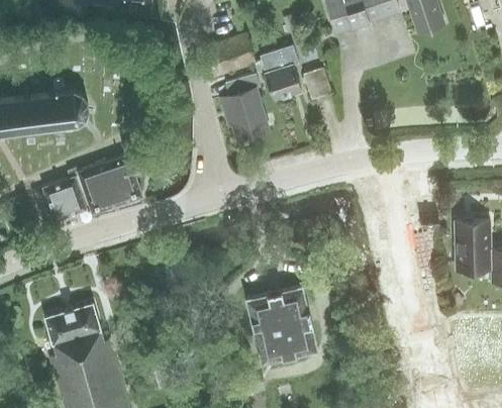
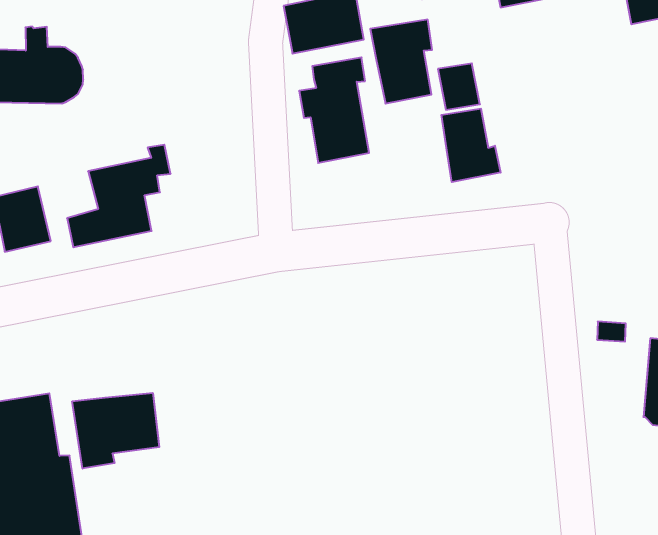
building: none -> [441,109,501,182]
building: [67,165,107,213] -> none
building: [246,286,316,362] -> none
building: none -> [72,393,159,469]

